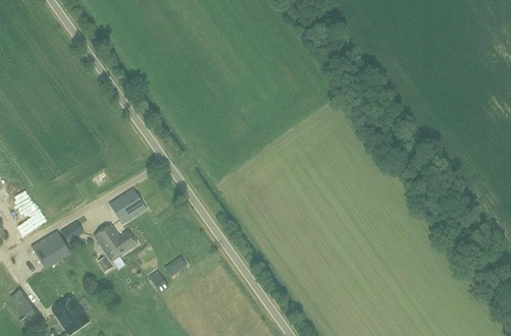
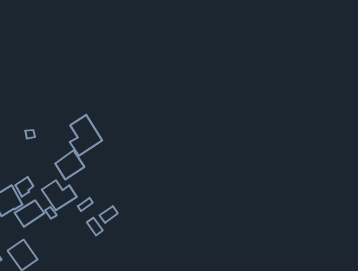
building: none -> [70,115,102,156]
building: none -> [15,200,44,227]

